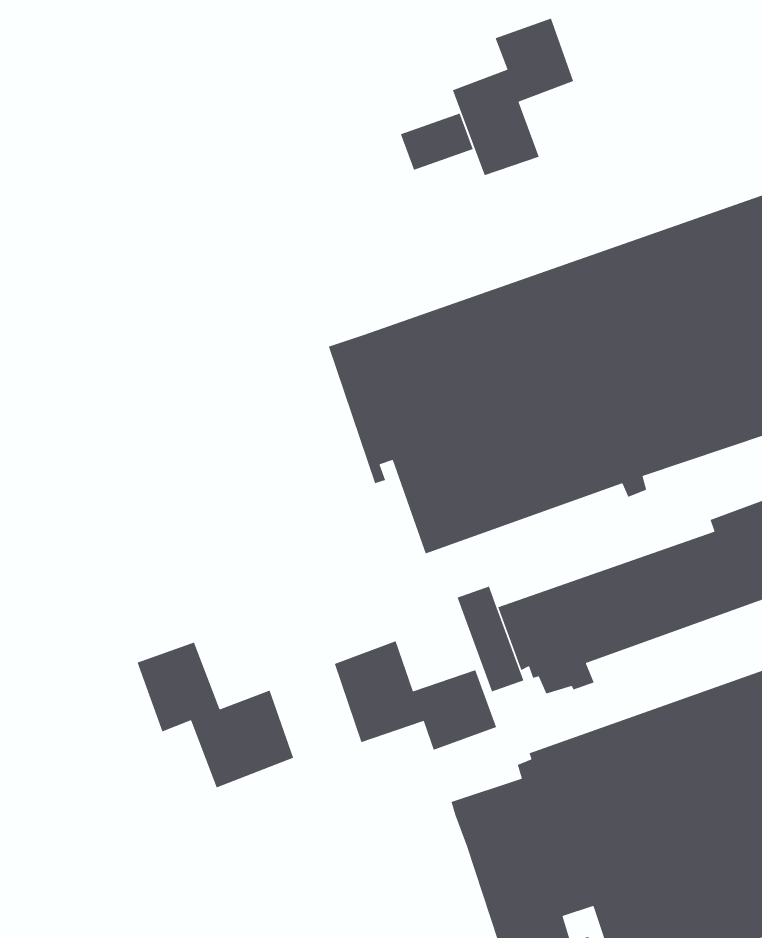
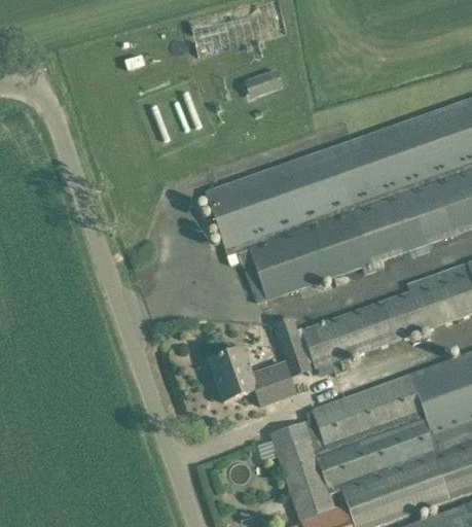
building: [452,17,574,176] -> none
building: [136,641,294,788] -> none

